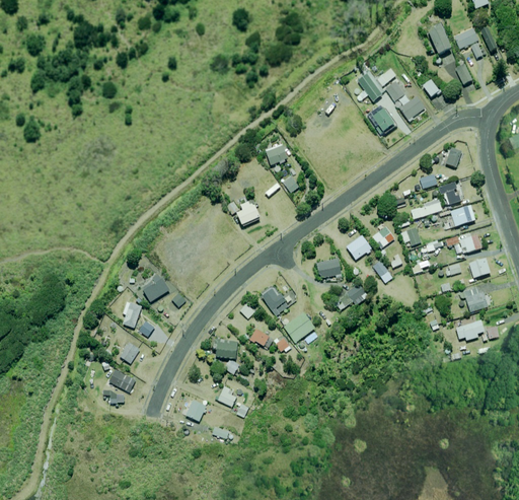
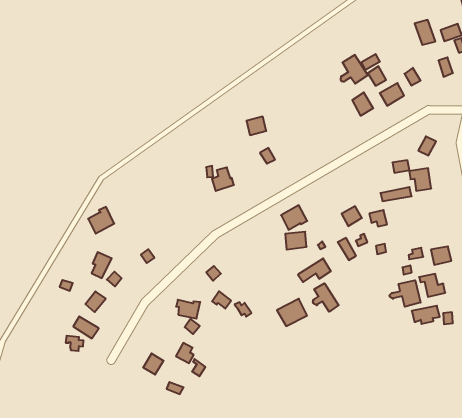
building: [448,204,475,227] -> none
building: [445,230,484,255] -> none
building: [346,233,373,260] -> [281,205,307,230]
building: [141,273,168,301] -> [88,207,114,234]
building: [262,285,288,317] -> none
building: none -> [390,280,421,307]
building: none -> [313,283,339,312]
building: [284,311,315,341] -> [277,299,307,326]

